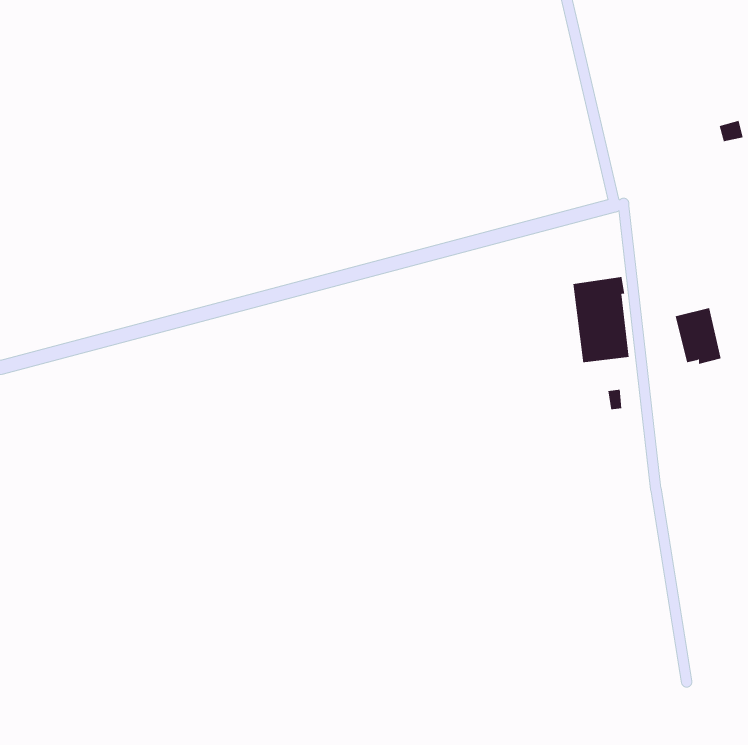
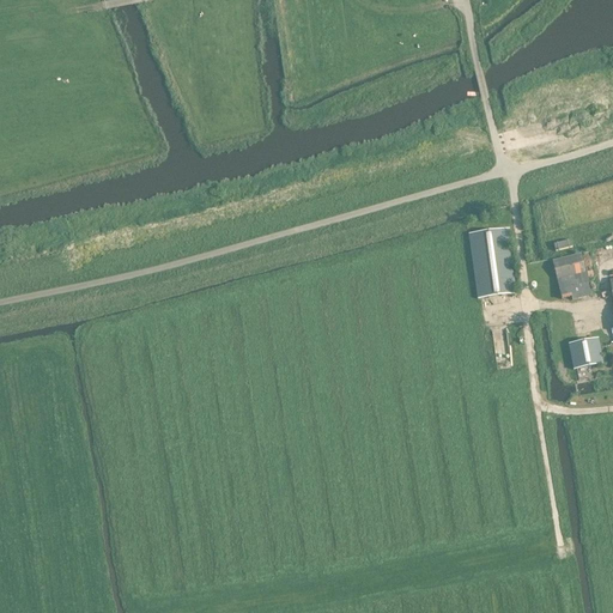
building: none -> [568,336,603,369]

